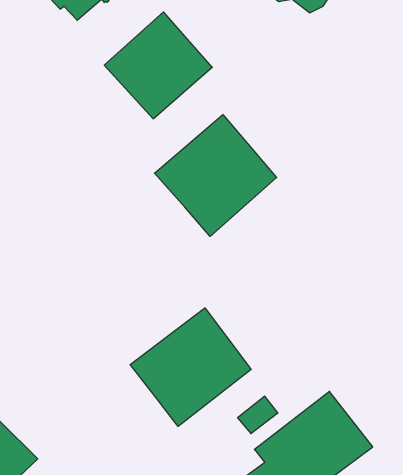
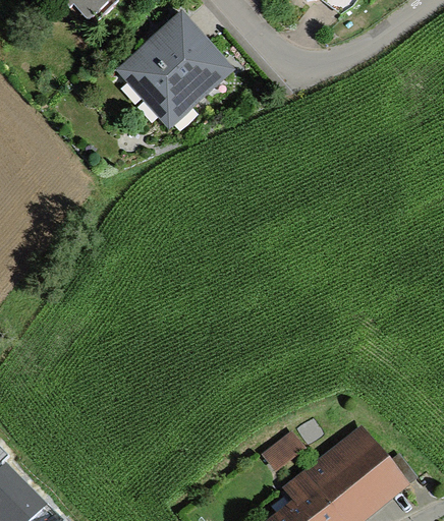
building: [154,115,277,236] -> none
building: [130,308,251,426] -> none

